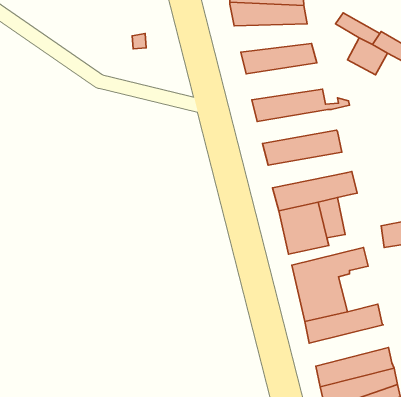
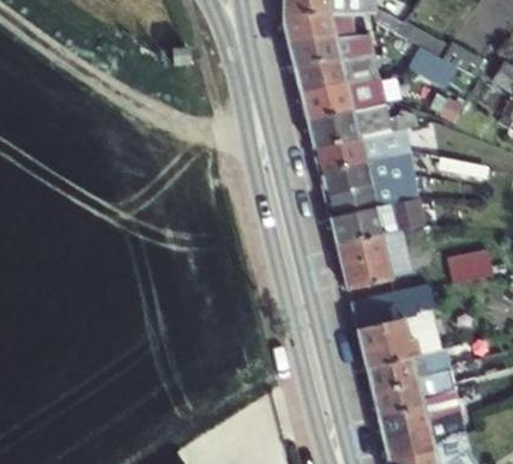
building: none -> [288,36,373,67]
building: none -> [301,79,385,120]
building: none -> [313,131,400,168]
building: none -> [325,177,411,217]
building: none -> [370,368,458,414]

